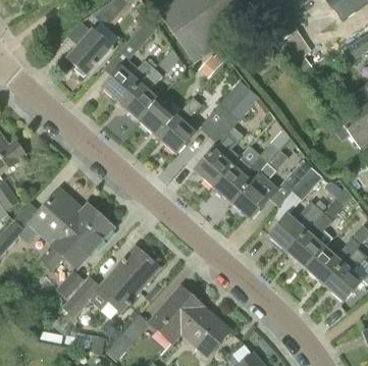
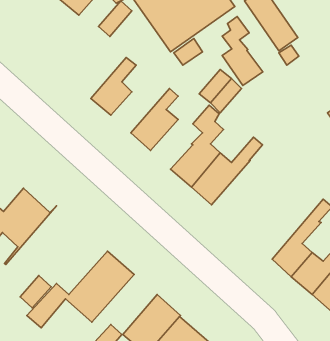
building: [66,30,111,75] -> none
building: none -> [222,17,263,86]
building: [101,58,153,106] -> none
building: [139,97,193,138] -> none
building: [281,159,321,200] -> none
building: [231,163,276,220] -> none
building: [268,199,334,254] -> none
building: [42,205,112,268] -> none

